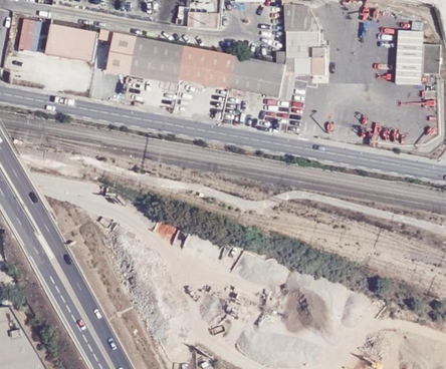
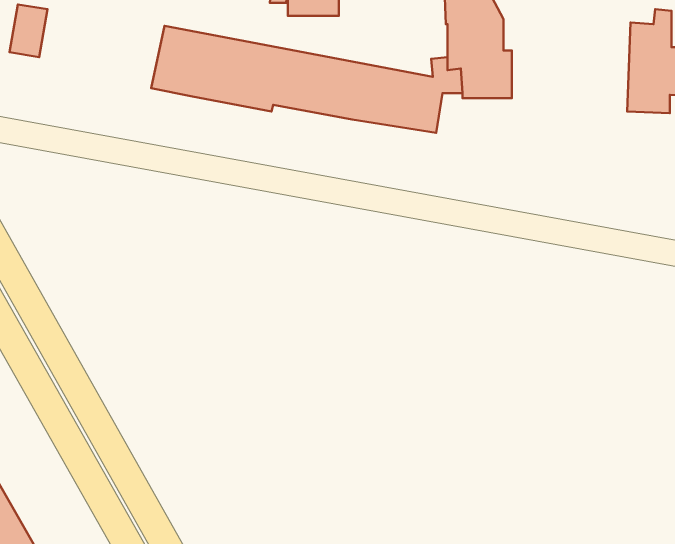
building: [44,24,96,63] -> none

